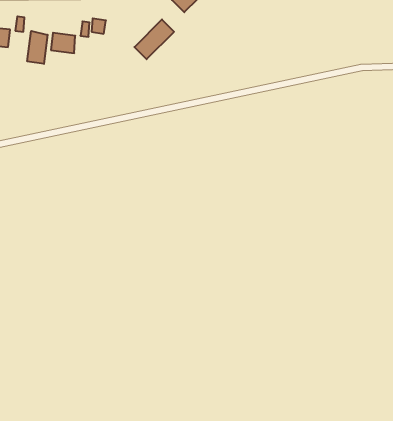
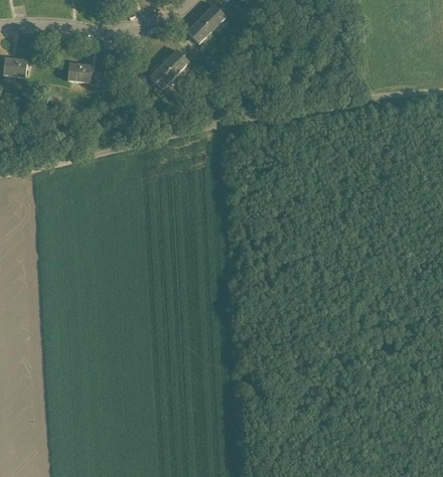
building: [27,31,48,64] -> none

